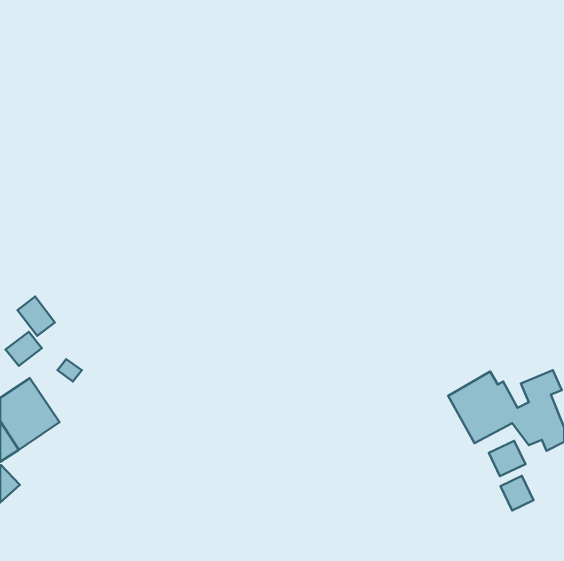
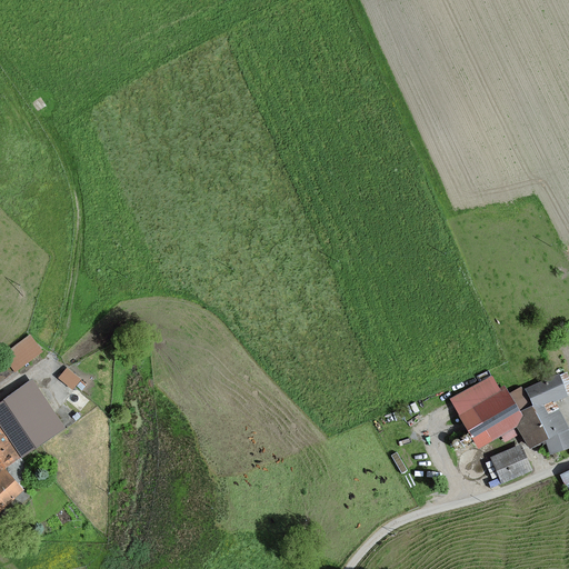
building: [18,297,55,336] -> none
building: [500,476,534,511] -> none

